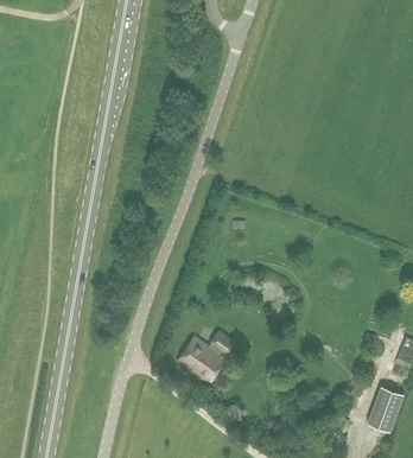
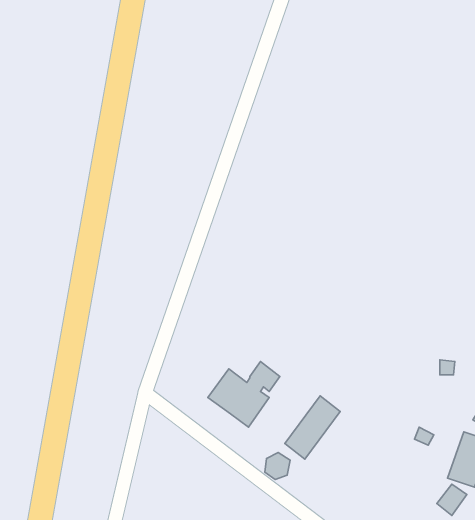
building: none -> [285,396,340,459]

